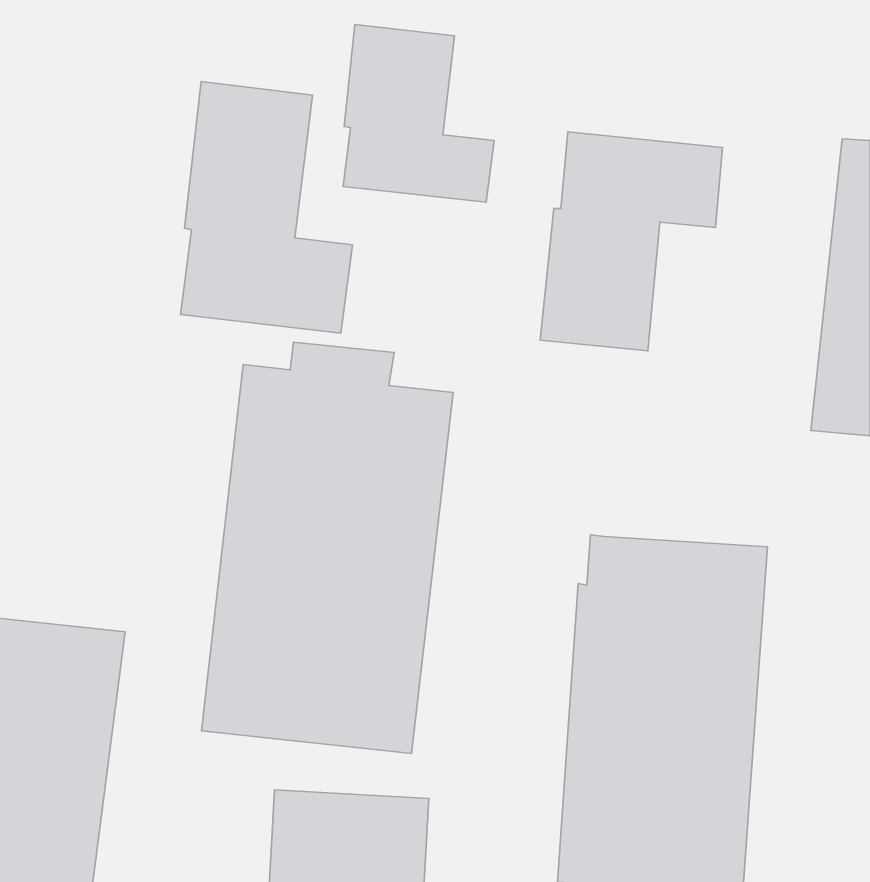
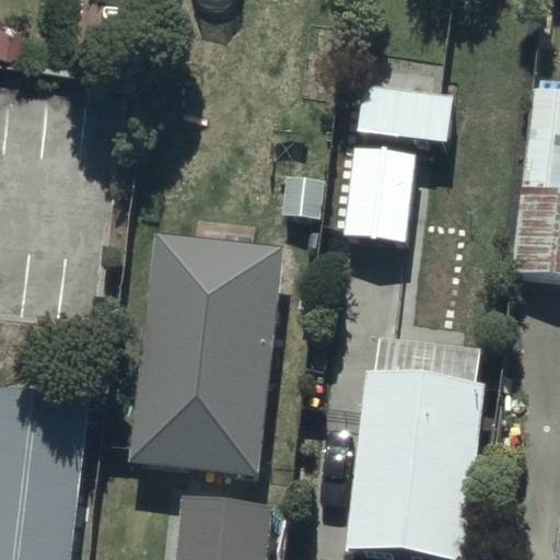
building: [343,24,494,202] -> none
building: [181,82,353,333] -> none

